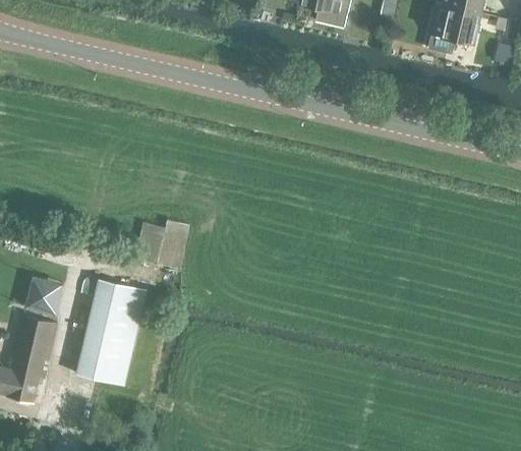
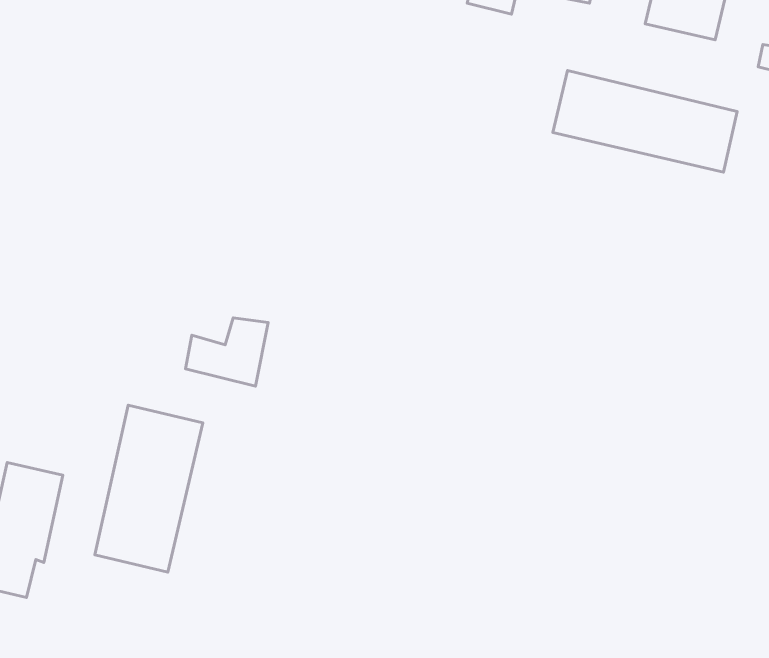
building: none -> [553,70,737,172]
building: [24,276,62,314] -> none

